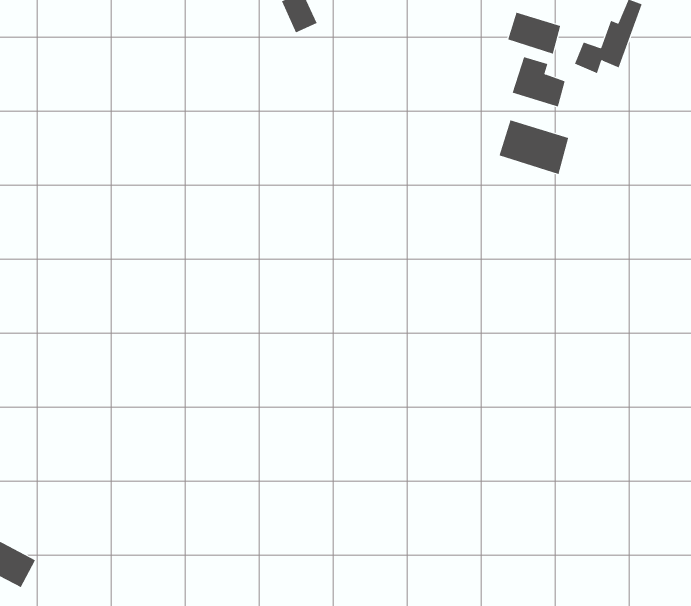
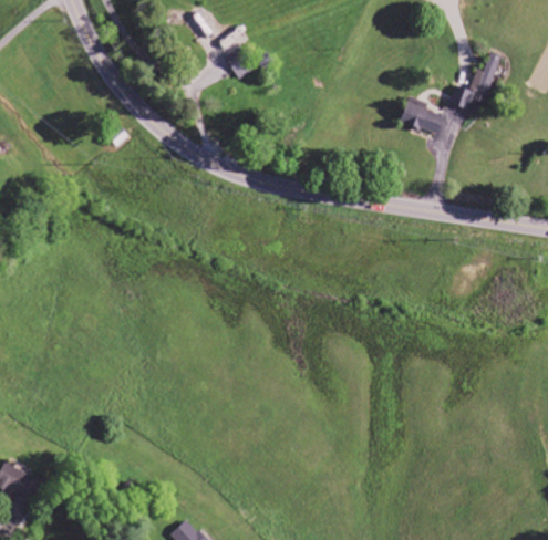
building: [507,12,561,55] -> none
building: [499,119,569,175] -> none

